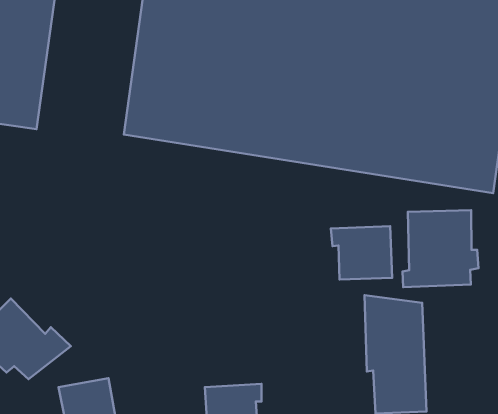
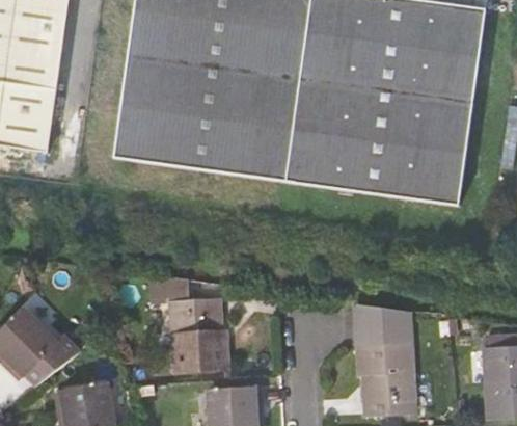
building: [403,210,478,287] -> none
building: [331,226,392,279] -> none
building: none -> [133,279,224,372]

